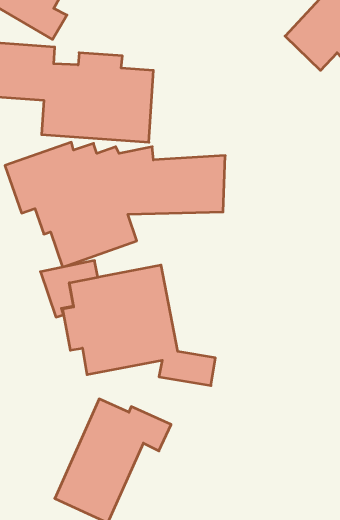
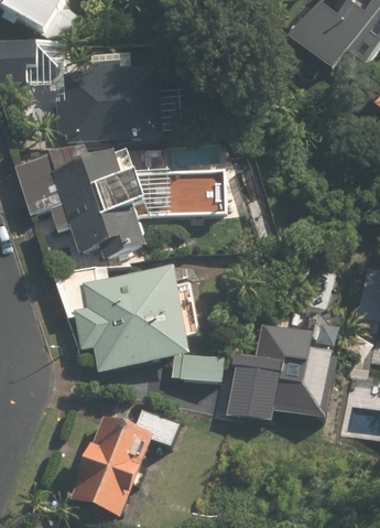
building: none -> [228,328,338,419]

